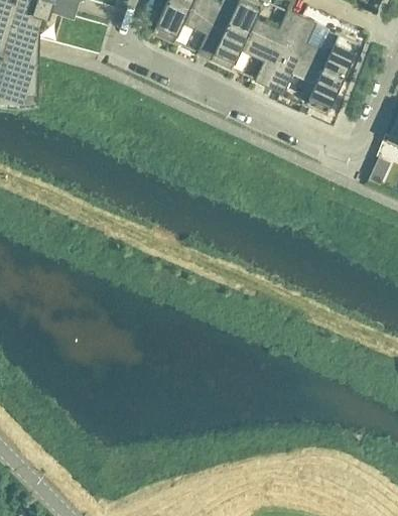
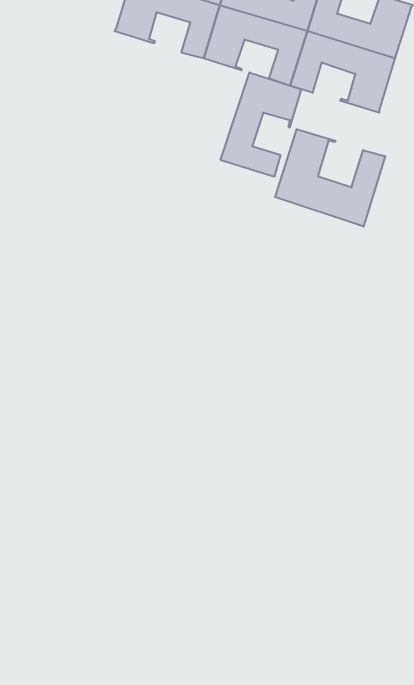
building: none -> [221,72,301,177]
building: none -> [275,129,385,227]

